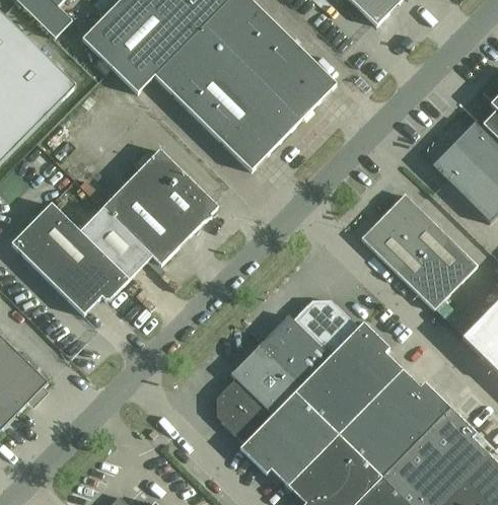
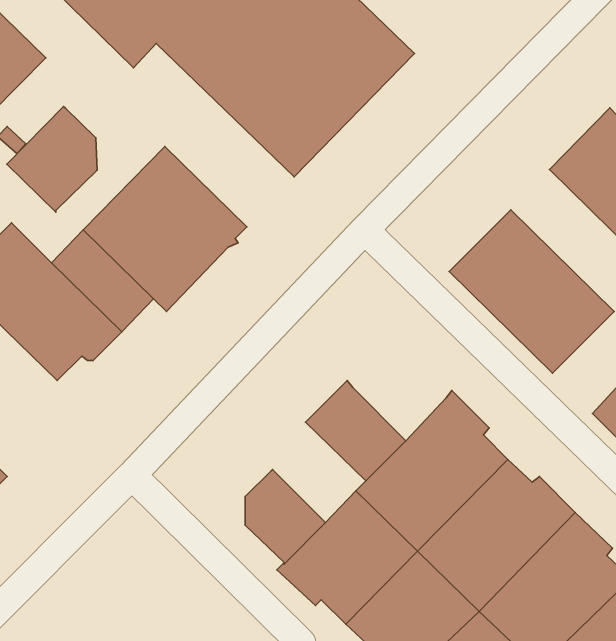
building: none -> [7,106,97,212]
building: [292,299,358,356] -> none
building: [230,343,301,414] -> none

